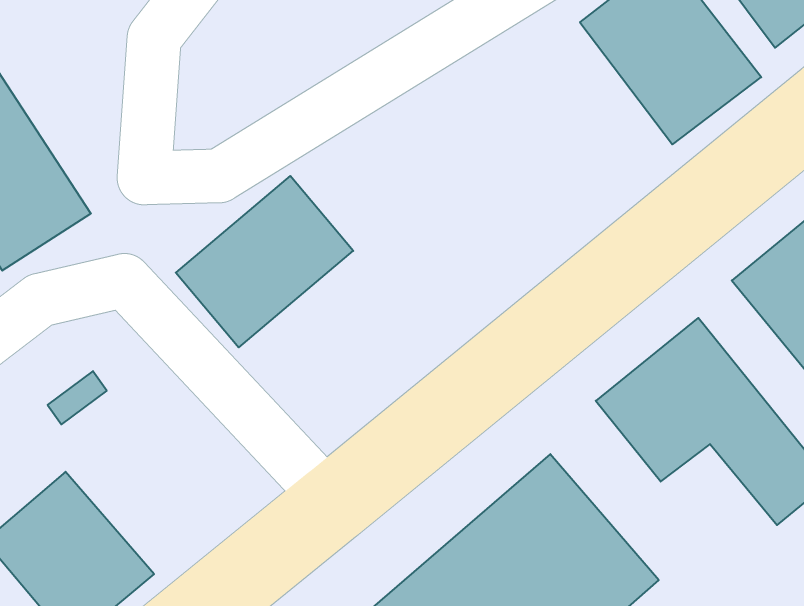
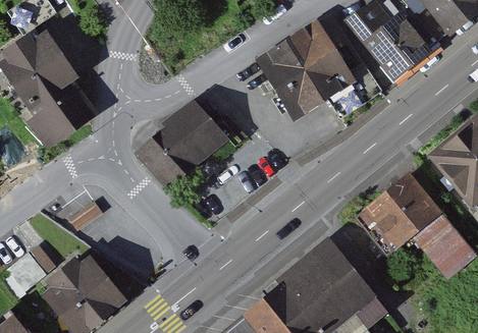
building: none -> [257,21,356,120]

